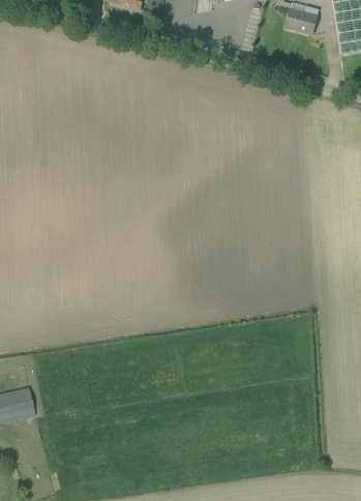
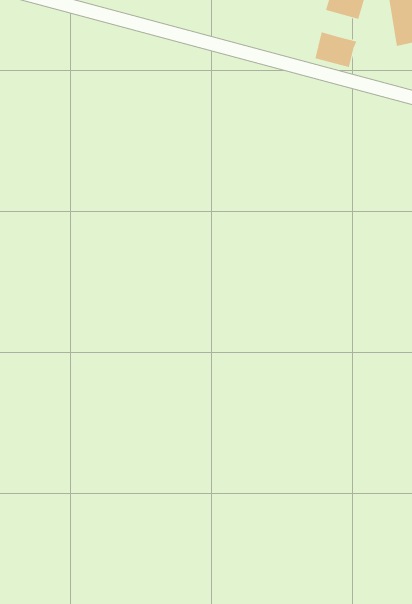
building: none -> [315,32,357,68]

